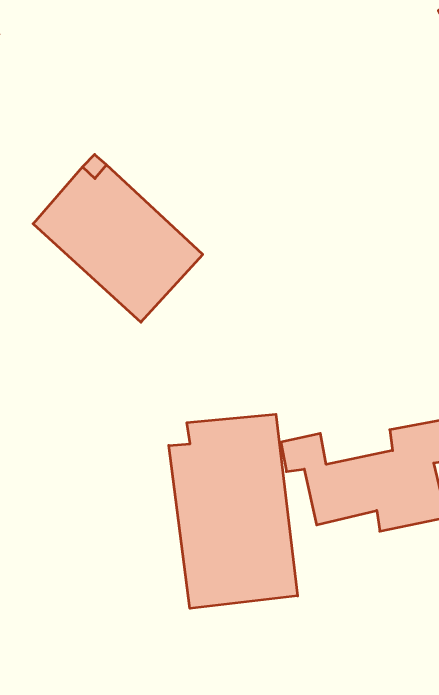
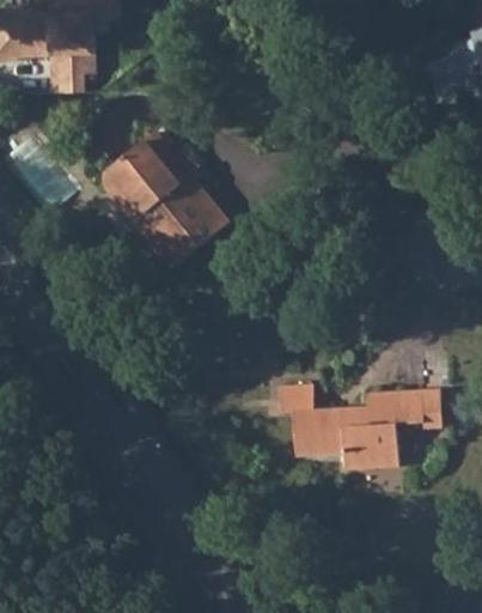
building: [169,414,298,608] -> none

